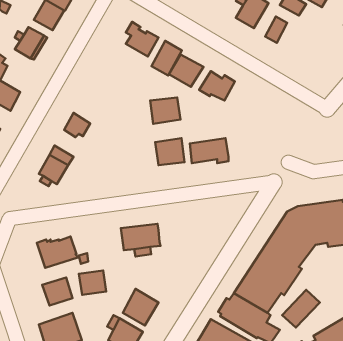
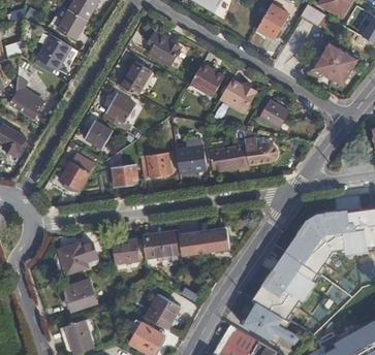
building: none -> [311,38,356,84]
building: [151,41,182,76] -> [121,60,151,94]
building: none -> [103,93,136,128]
building: none -> [259,98,289,128]
building: [150,98,180,124] -> [142,153,171,179]
building: none -> [245,138,276,164]
building: none -> [114,164,137,188]
building: none -> [180,230,229,254]
building: [79,271,106,295] -> [113,238,139,262]

